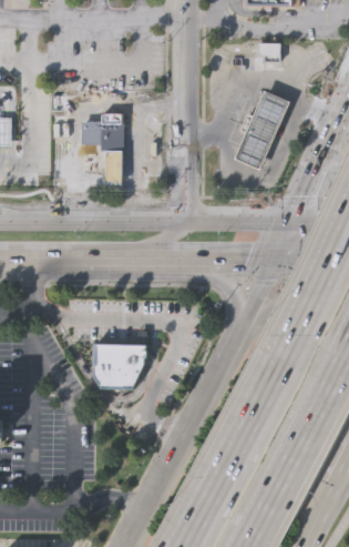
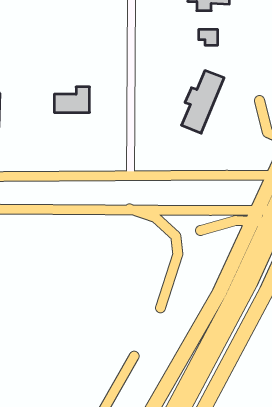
building: [102,151,120,186] -> none
building: [93,344,143,385] -> none

